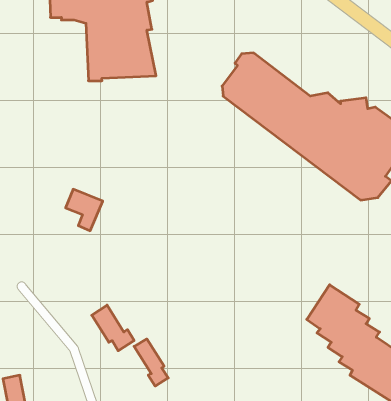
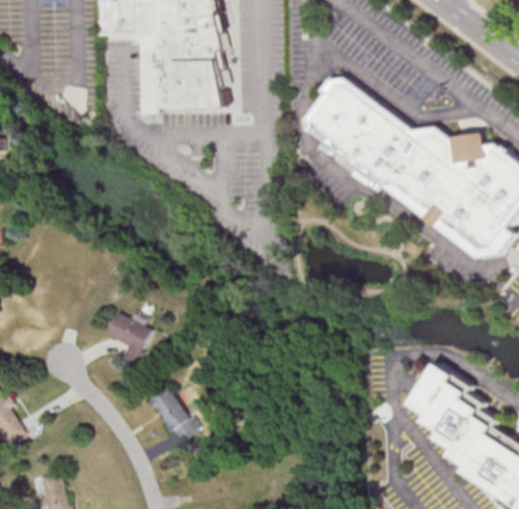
building: [66,189,103,231] -> [106,314,152,365]
building: [134,339,168,386] -> none

